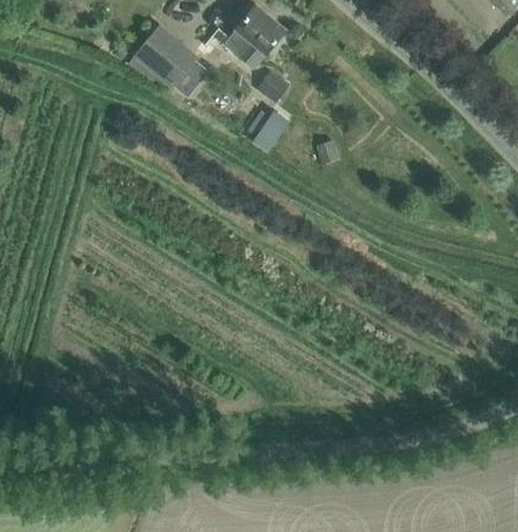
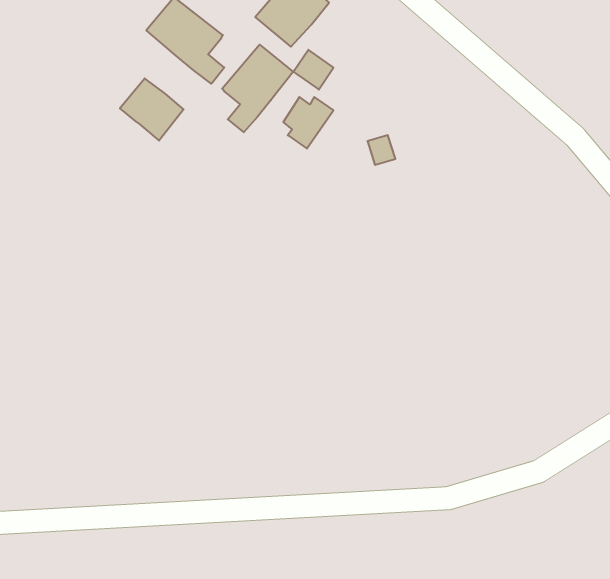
building: none -> [222,45,293,132]
building: none -> [120,78,184,141]

